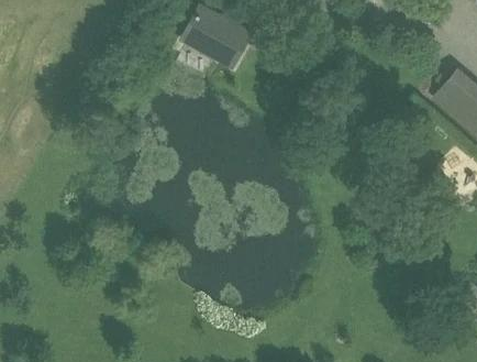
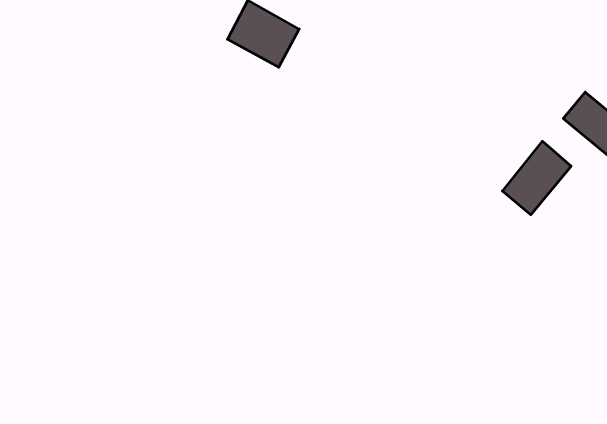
building: none -> [502,141,571,215]

